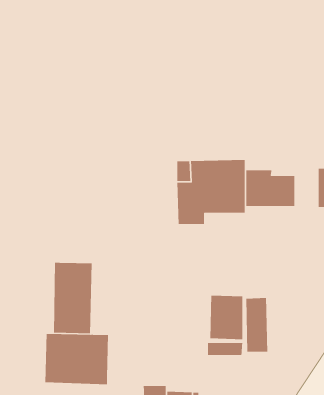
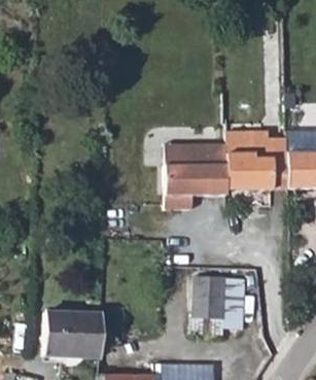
building: none -> [226,146,292,197]
building: [53,262,93,334] -> none

